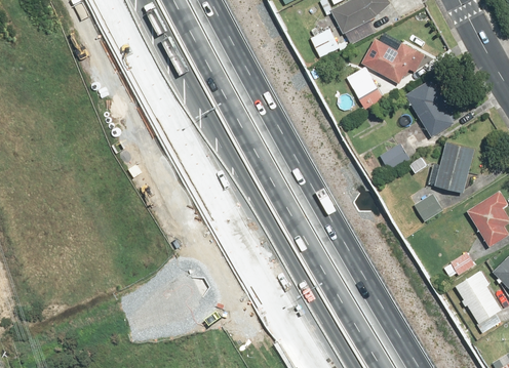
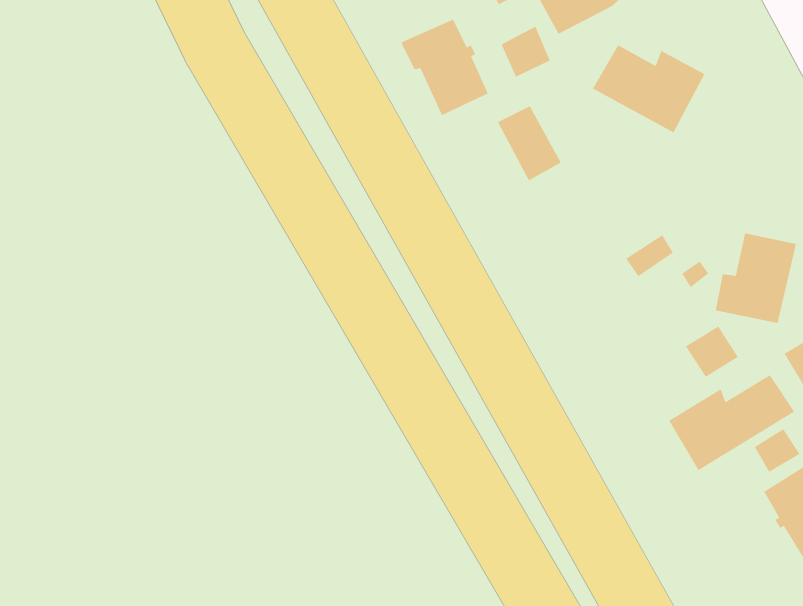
building: none -> [400,18,489,116]
building: [346,68,382,110] -> [497,105,562,182]
building: [406,80,455,136] -> none
building: none -> [668,374,795,471]

